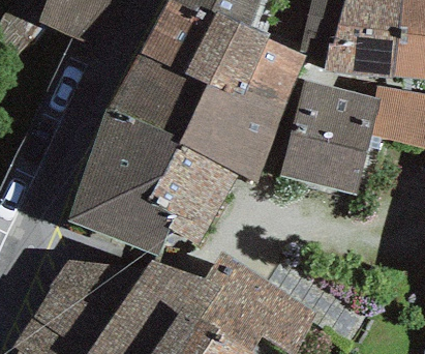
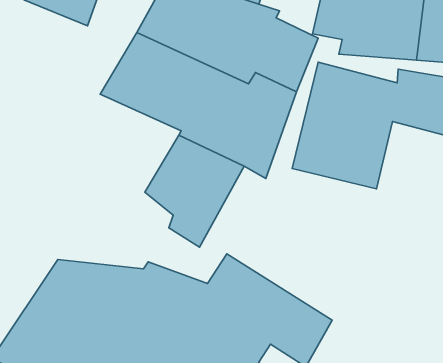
building: [66,109,181,258] -> none

